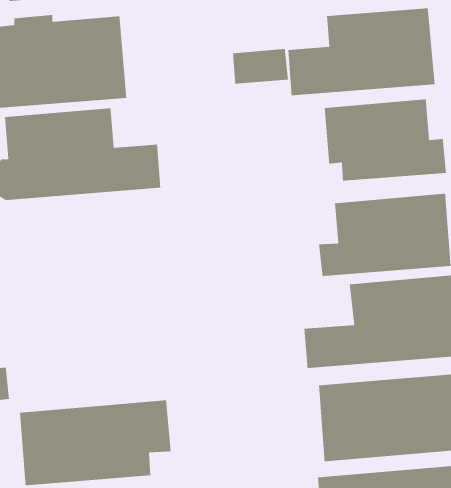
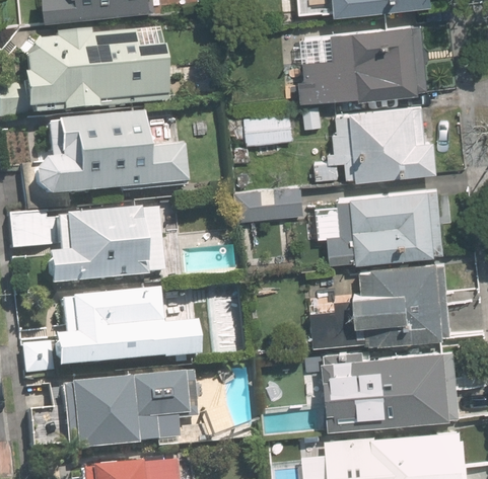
building: [232,48,289,85] -> [243,114,294,147]
building: none -> [239,186,303,221]
building: none -> [47,208,161,285]
building: none -> [54,290,199,368]

